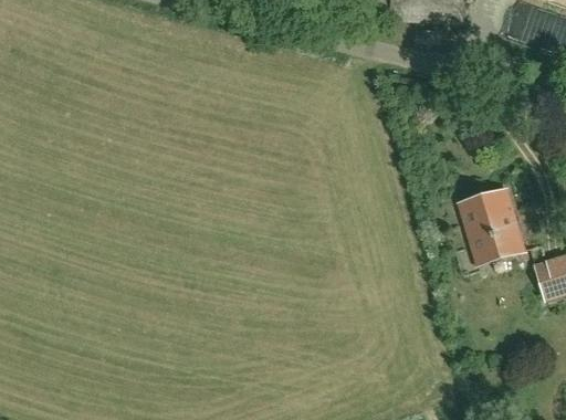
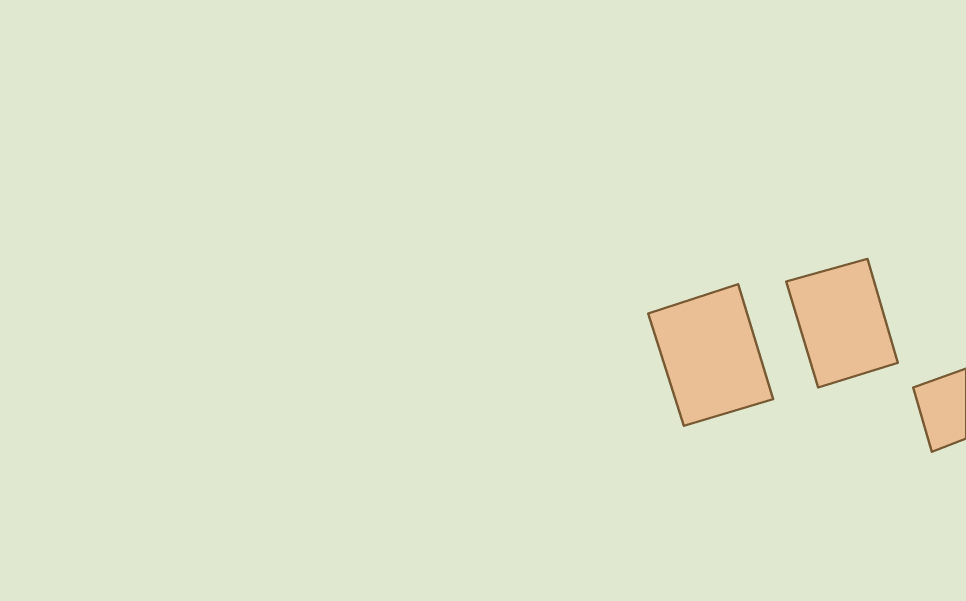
building: none -> [648,284,773,426]

